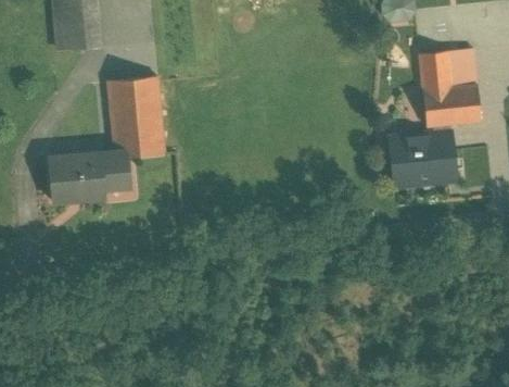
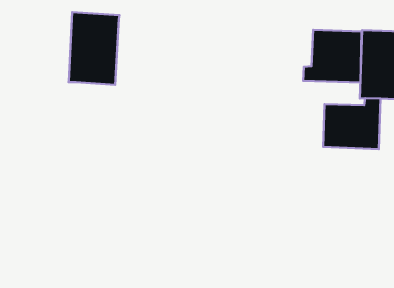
building: none -> [303,30,361,83]
building: [48,153,125,203] -> none

